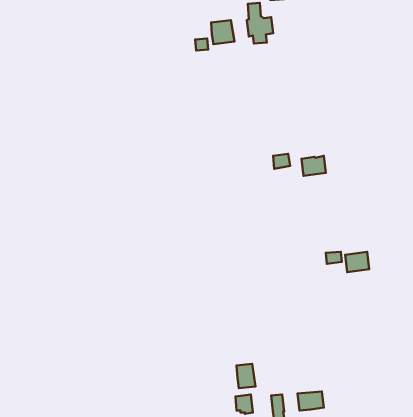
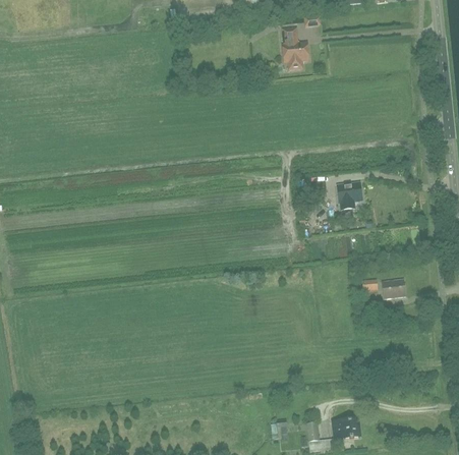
building: [211,20,235,44] -> none
building: [236,364,256,388] -> none

